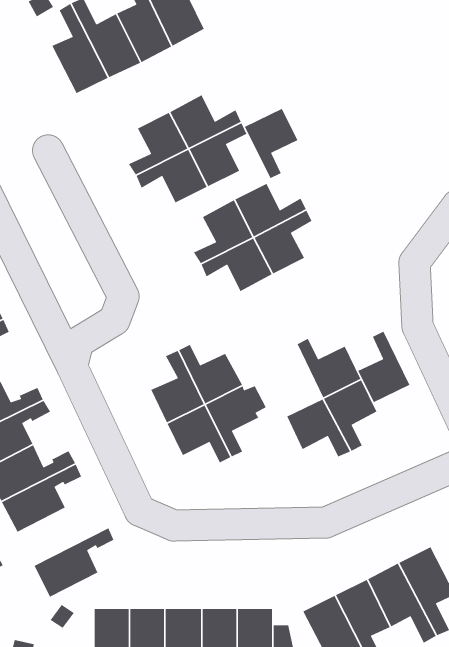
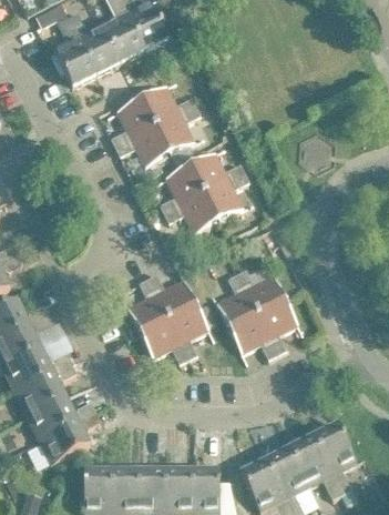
building: [244,108,299,179] -> none
building: [357,331,410,403] -> [216,272,256,326]
building: none -> [27,395,95,438]

